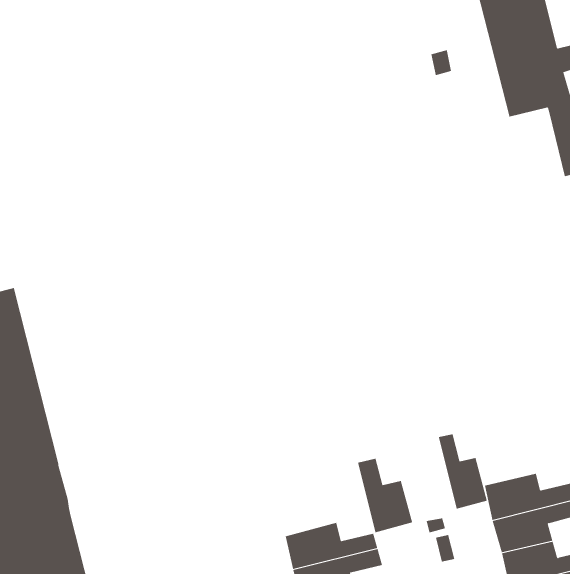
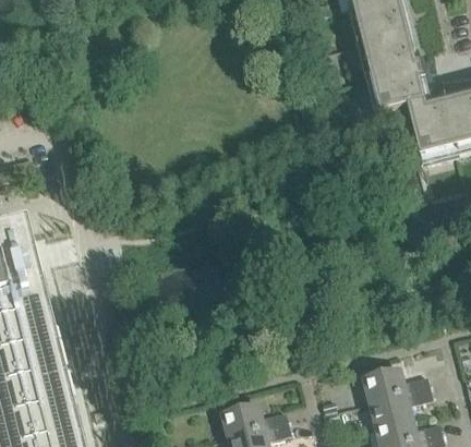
building: [438,434,488,510] -> none
building: [358,458,413,533] -> none

